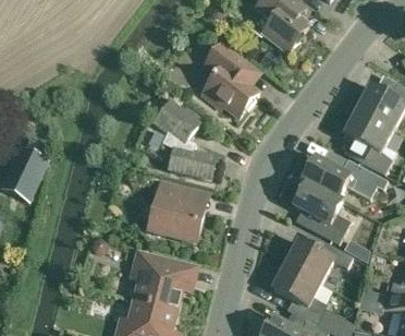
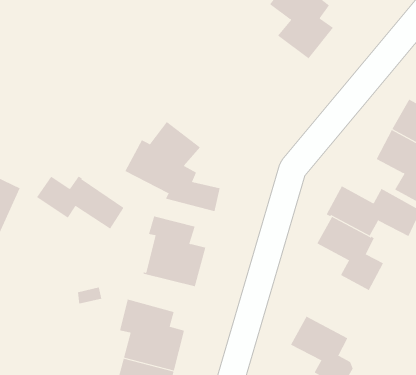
building: [200,41,258,116] -> none
building: none -> [36,176,125,230]
building: [285,240,352,283] -> none

